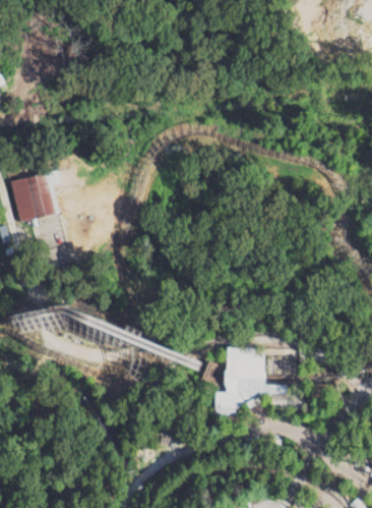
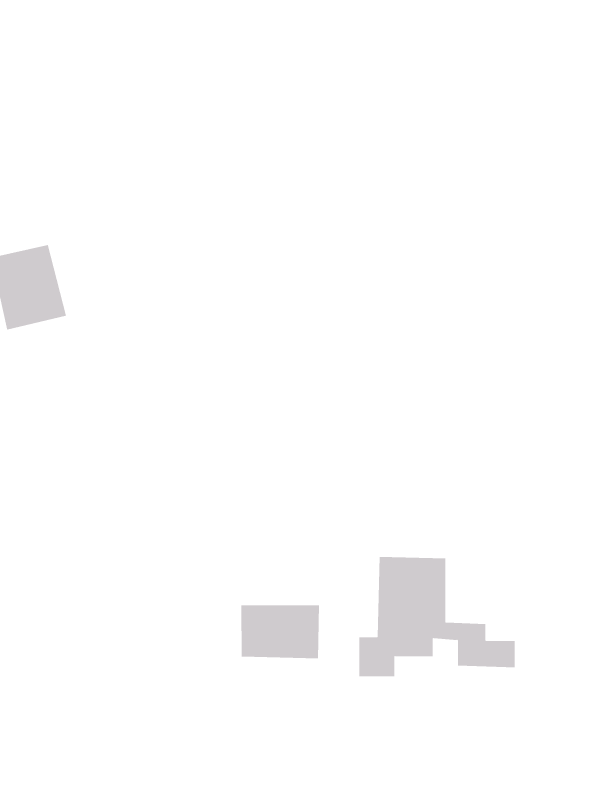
building: none -> [241,605,320,659]

